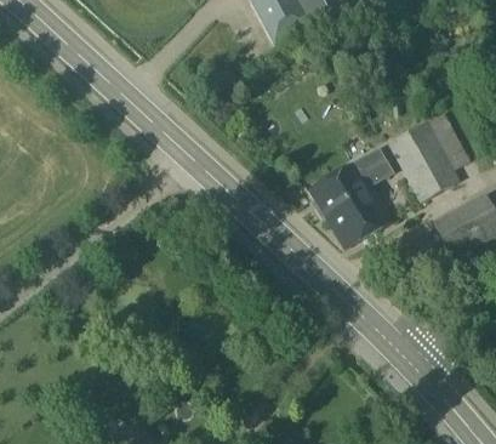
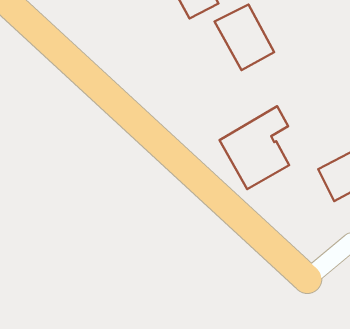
building: [389,118,462,198] -> [214,4,274,70]

